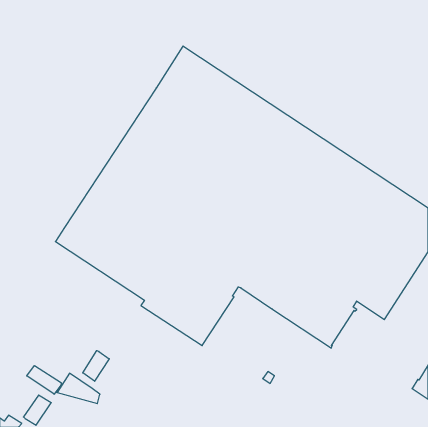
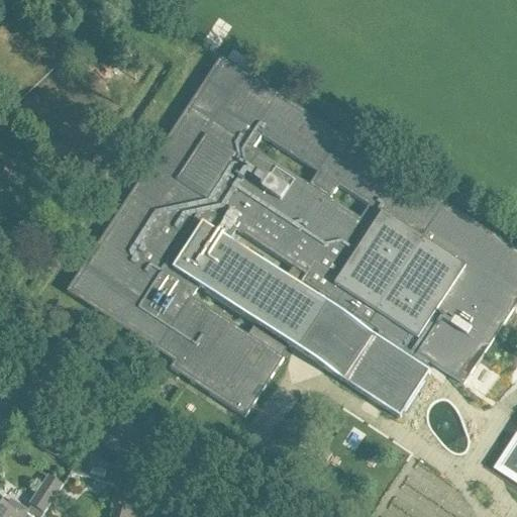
building: [83,351,109,381] -> none
building: [27,366,62,394] -> none

